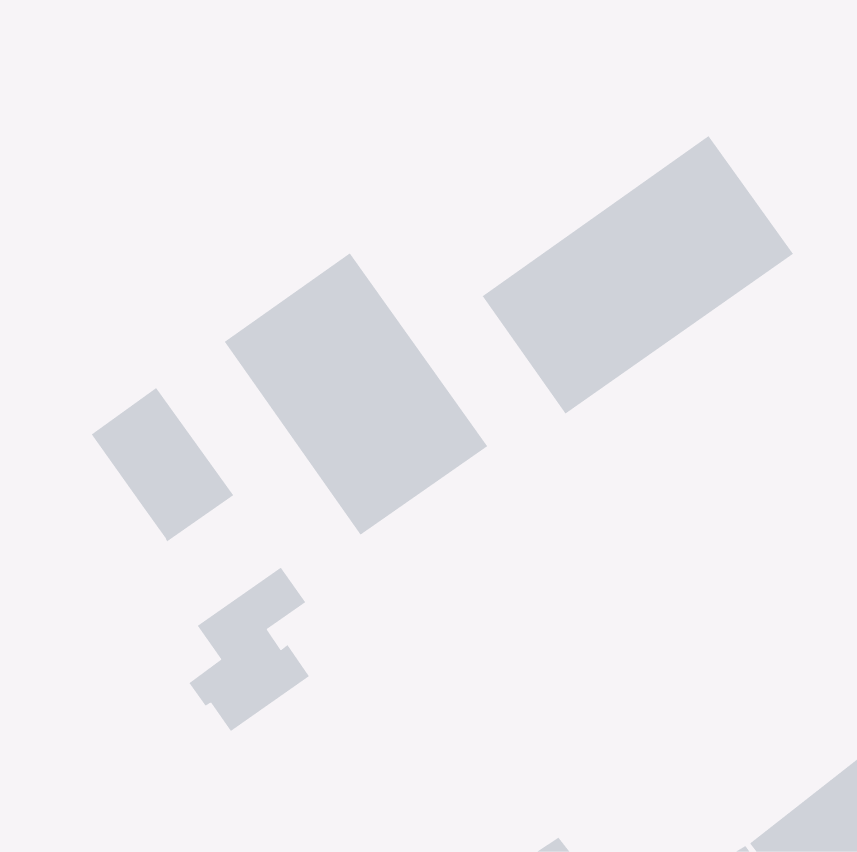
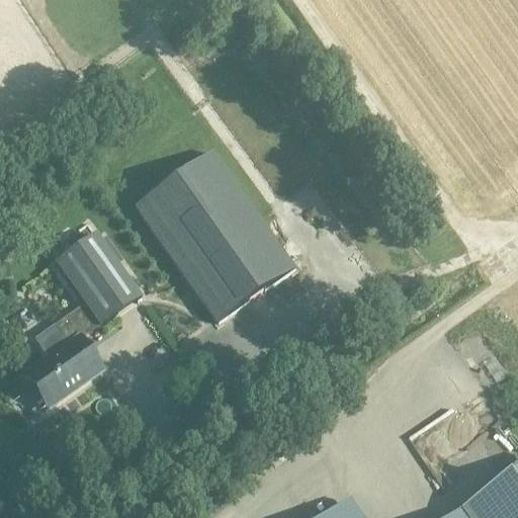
building: [482,135,794,414] -> none
building: [188,567,310,732] -> [30,303,103,402]

